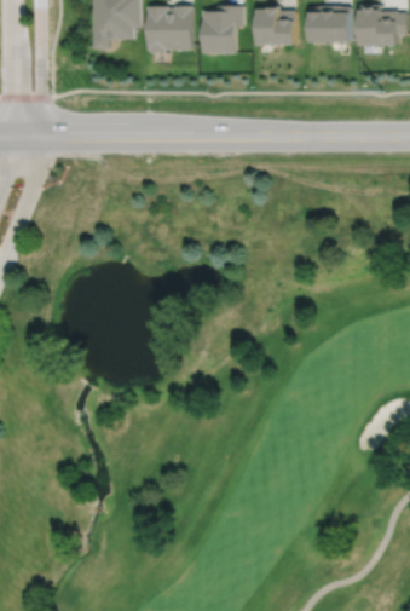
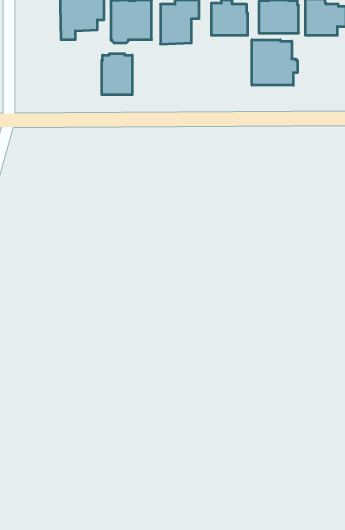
building: none -> [252,40,297,85]
building: none -> [102,54,132,95]

